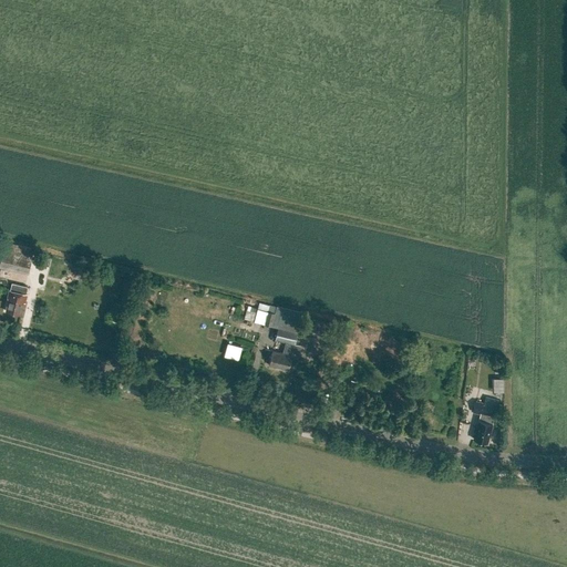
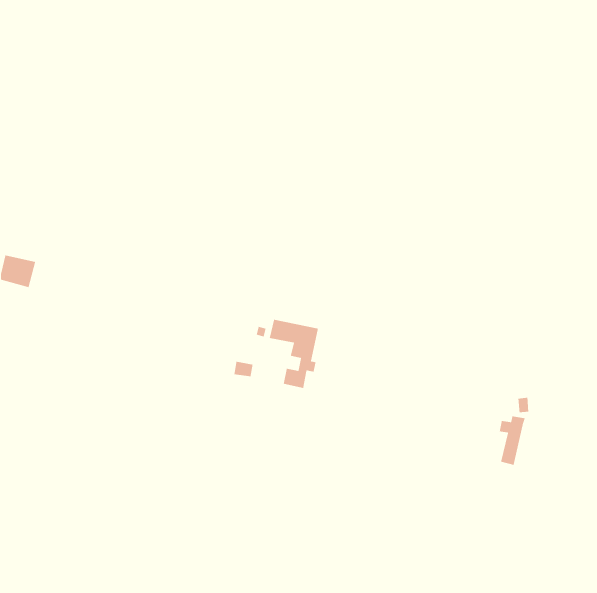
building: [6,285,28,316] -> none

